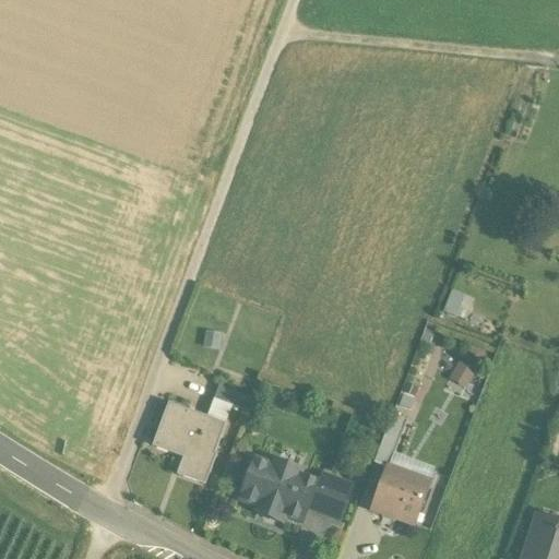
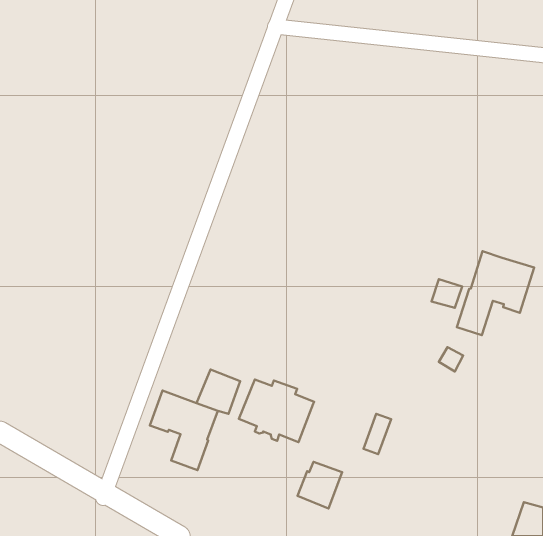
building: none -> [457,251,534,335]
building: [239,460,317,524] -> [239,379,314,442]
building: [373,474,429,523] -> none

